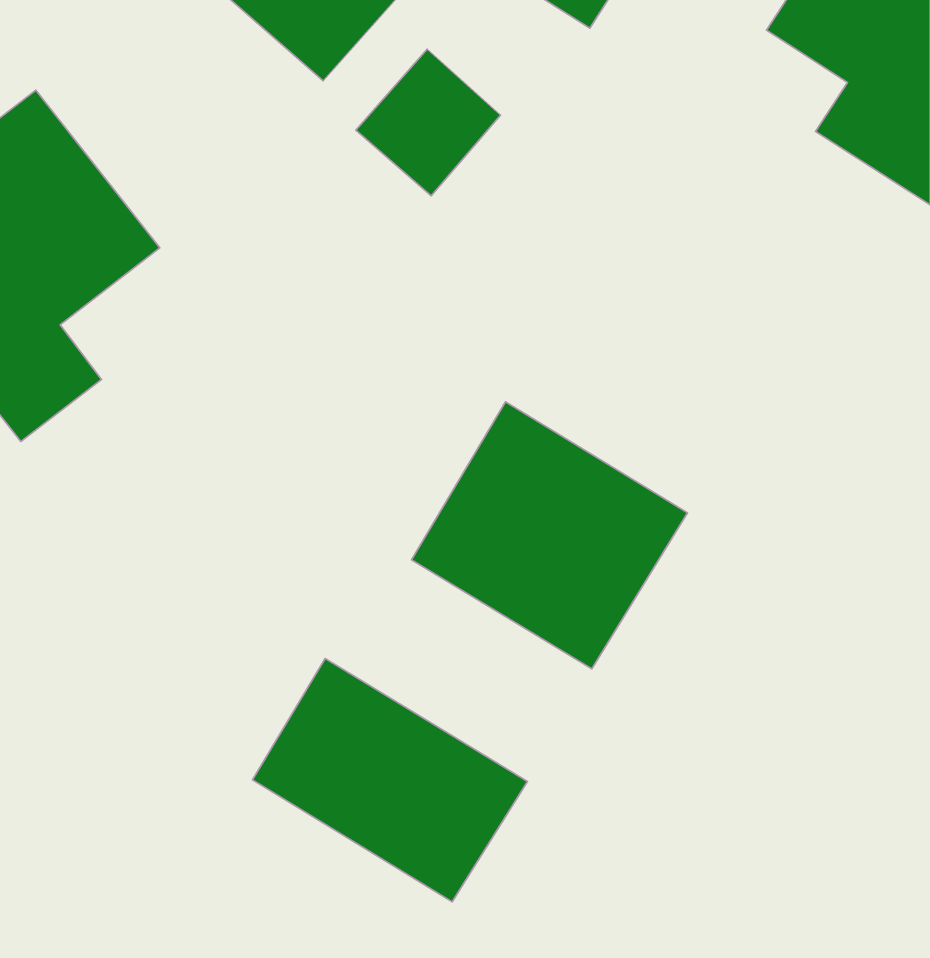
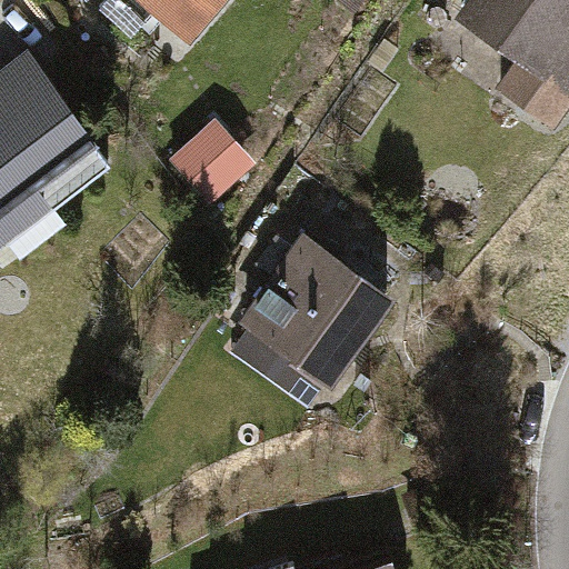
building: [356,49,501,196] -> [157,108,242,194]
building: [252,658,528,902] -> none

